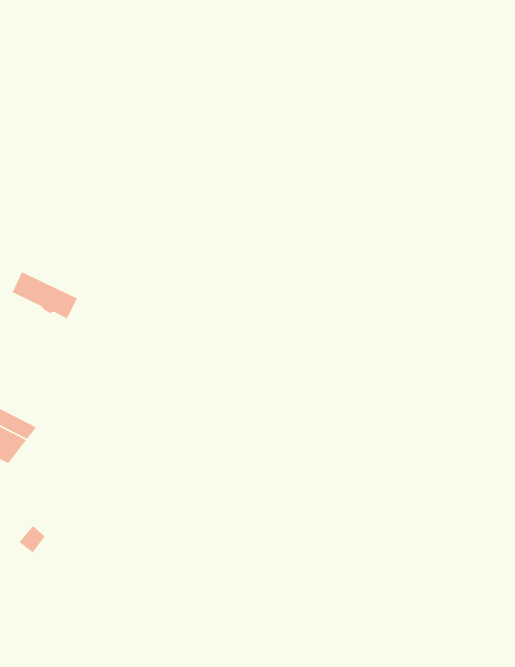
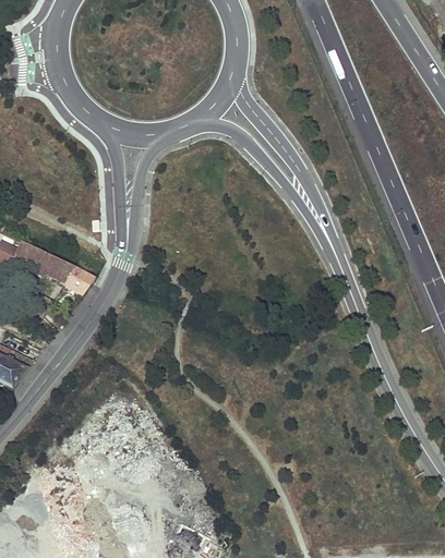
building: none -> [58,262,95,295]

